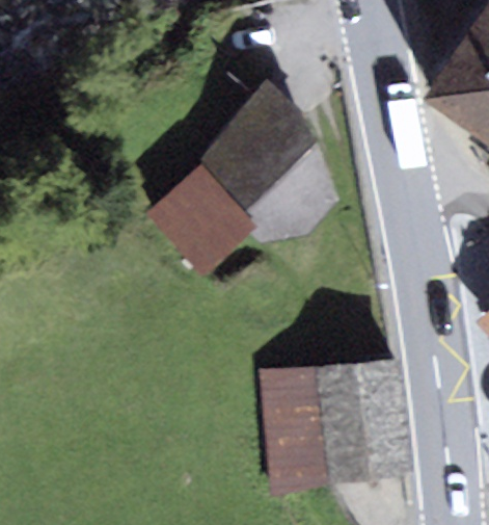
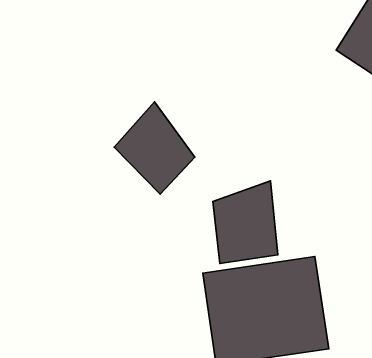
building: [197,82,342,242] -> none
building: none -> [213,181,278,263]

